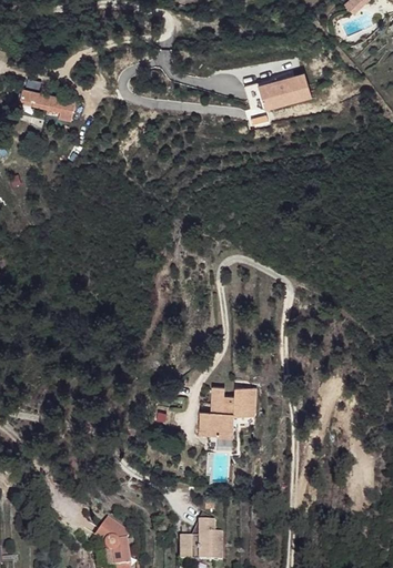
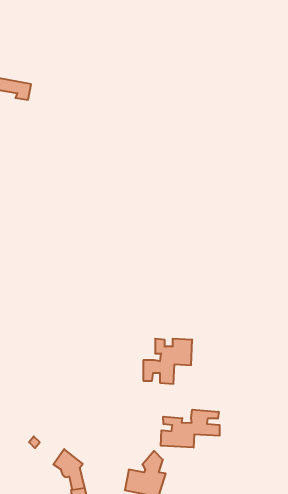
building: [244,72,311,112] -> none
building: none -> [161,410,220,448]

